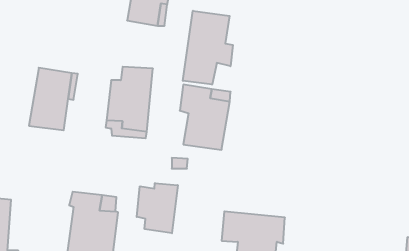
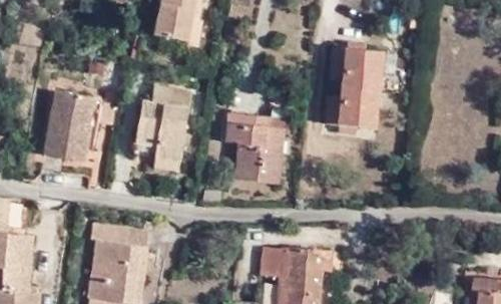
building: [183,11,233,85] -> none
building: none -> [330,51,390,137]
building: [137,183,178,233] -> none

